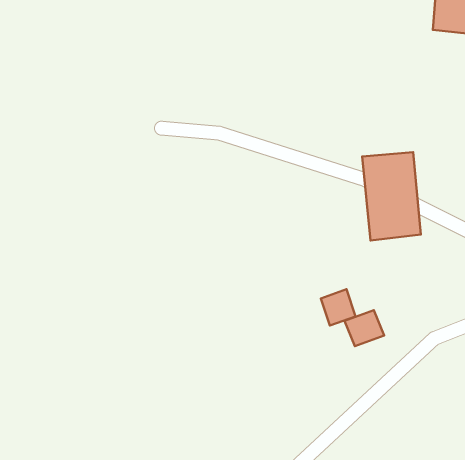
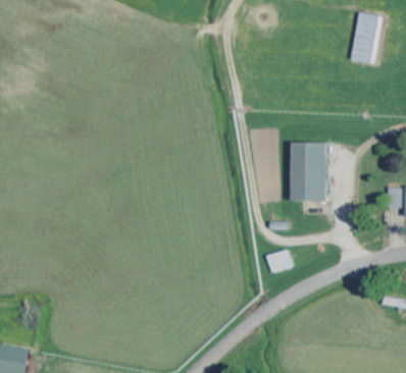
building: [321,289,355,326] -> none

